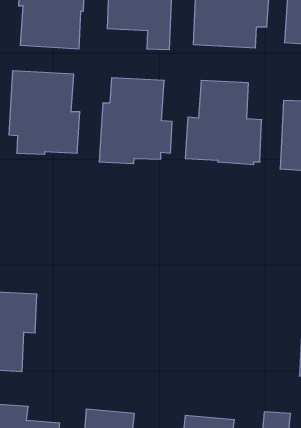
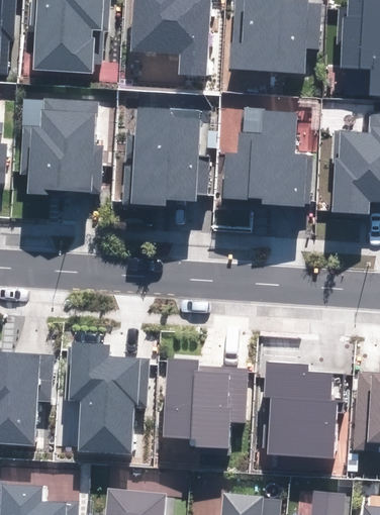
building: none -> [66,341,149,452]
building: none -> [164,357,248,453]
building: none -> [264,362,337,457]

